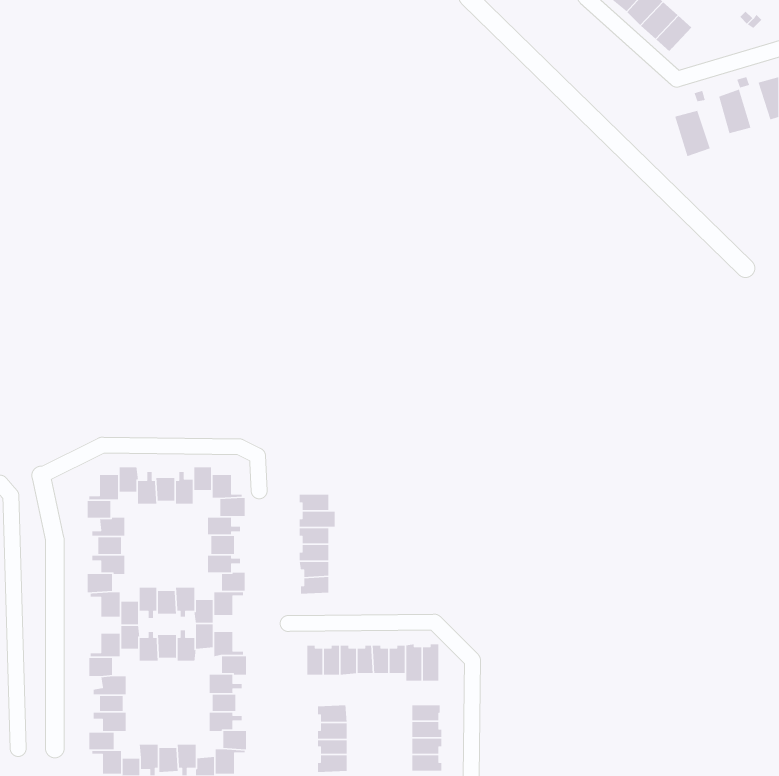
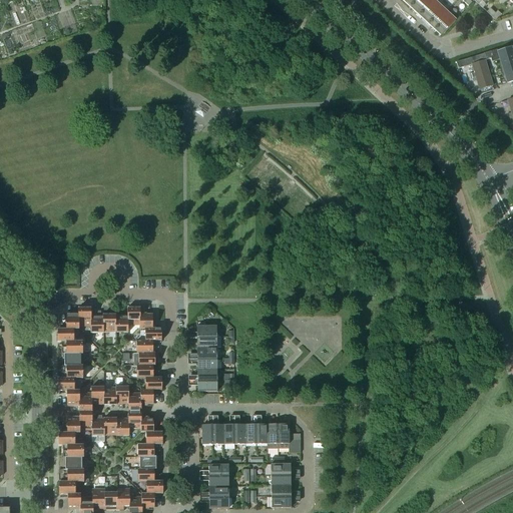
building: [674,110,711,157] -> none

